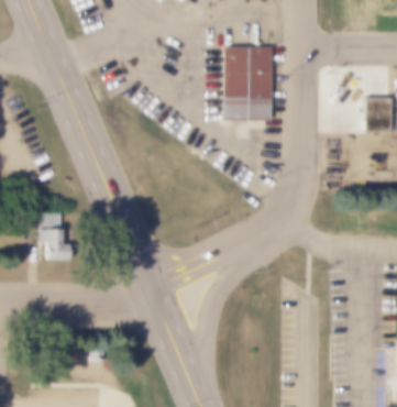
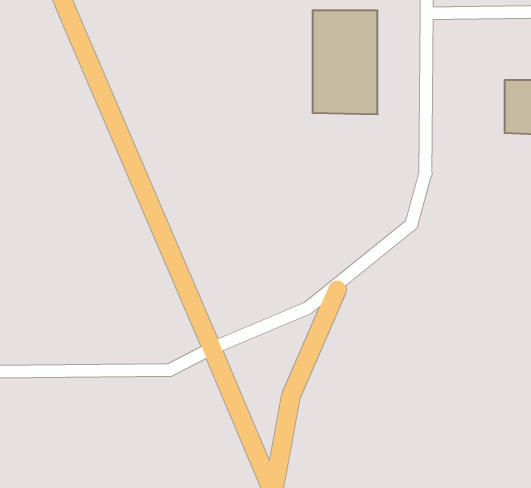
building: [42,212,68,258] -> none

